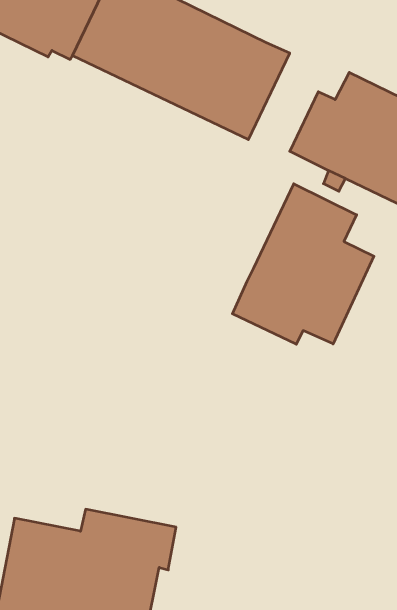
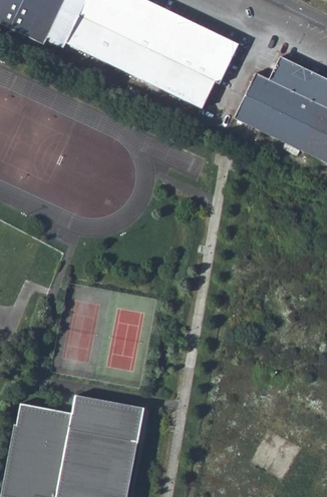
building: [232,184,374,344] -> none

